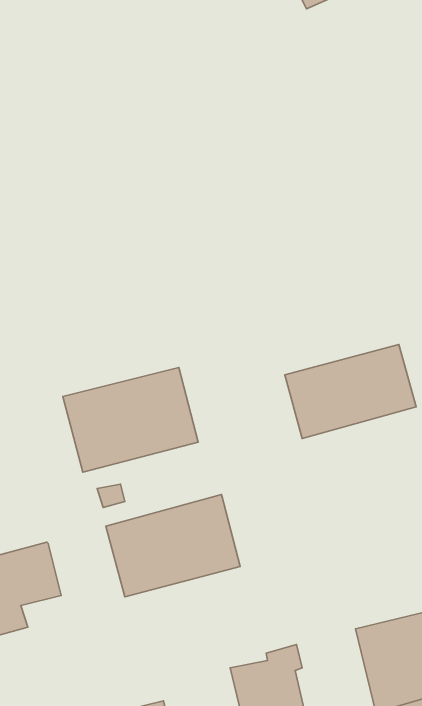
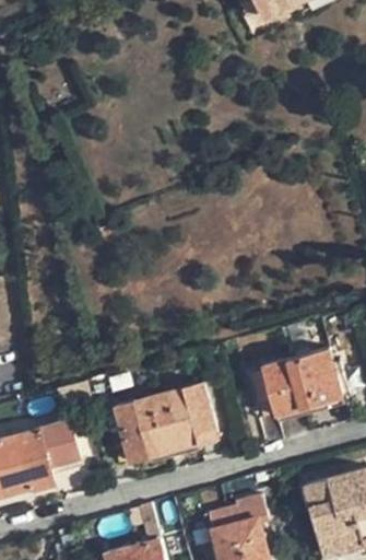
building: [285,345,416,438] -> [241,349,341,420]
building: [63,368,198,472] -> none

